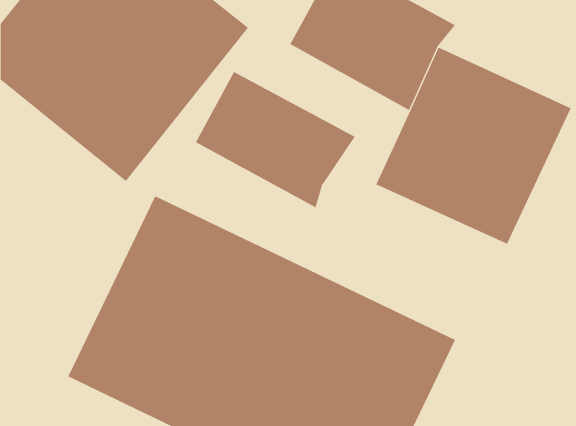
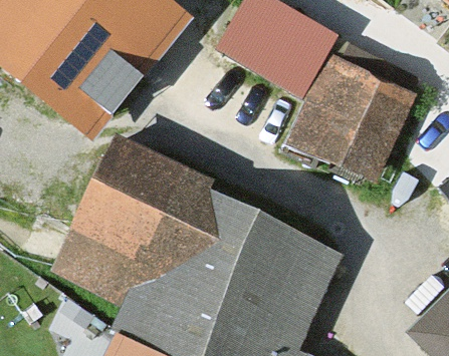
building: [195,71,356,208] -> none

